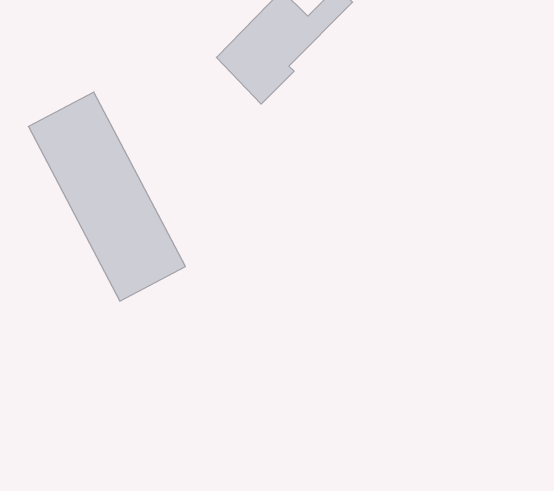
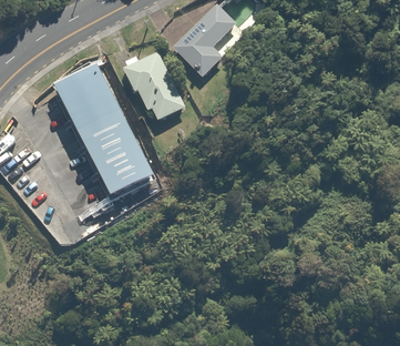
building: none -> [124,52,186,118]

